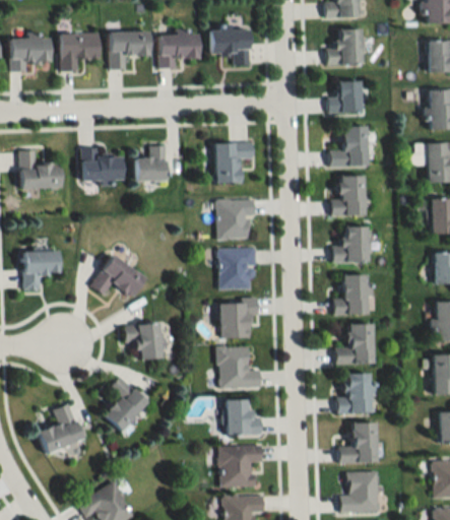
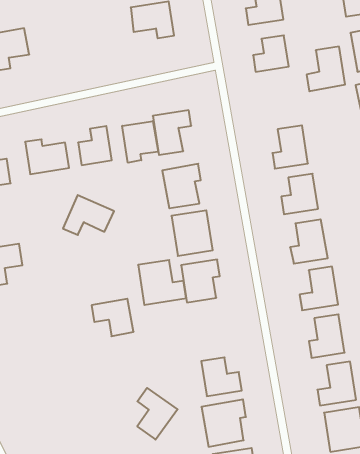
building: [109,30,149,69] -> none
building: [159,32,199,67] -> none
building: [330,127,368,168] -> [307,47,345,91]
building: none -> [122,121,158,163]
building: [90,254,145,296] -> [63,195,114,235]
building: [217,346,261,388] -> [138,260,186,305]
building: [104,376,147,430] -> [137,388,178,440]
building: [39,403,82,453] -> none

